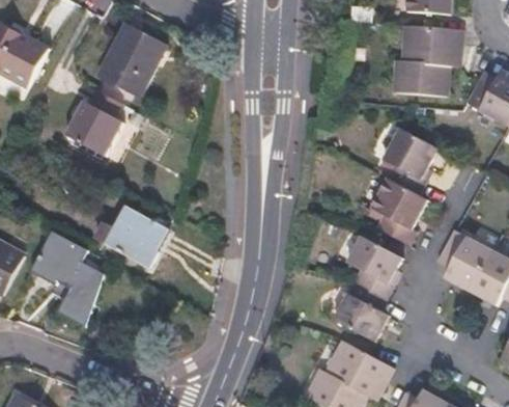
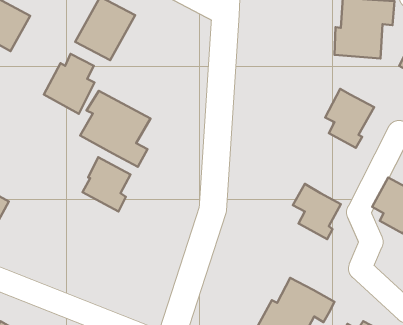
building: none -> [80,91,151,167]
building: [371,179,425,245] -> none
building: [32,230,106,324] -> none
building: [335,281,390,341] -> none

